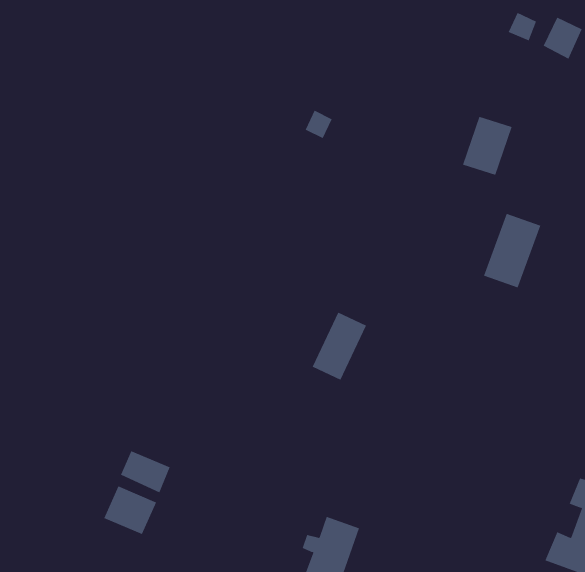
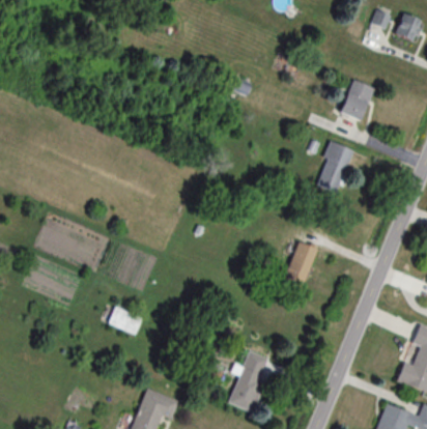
building: [483,213,541,288] -> [315,142,354,193]
building: [312,312,367,381] -> [282,240,319,287]
building: [103,486,157,535] -> none

